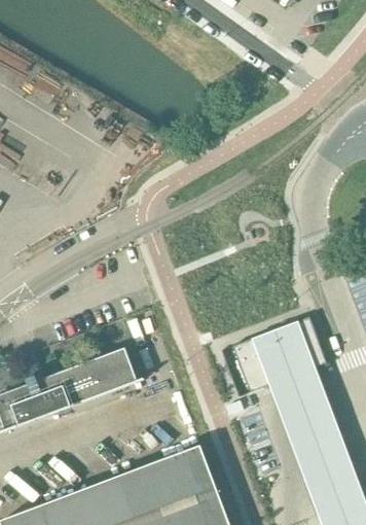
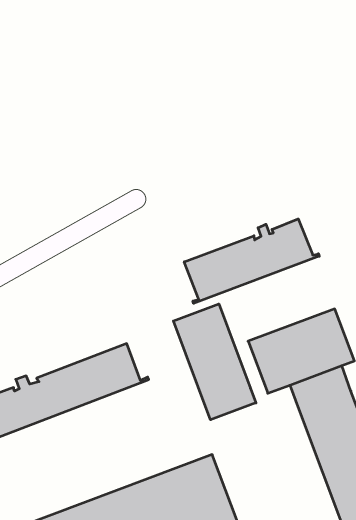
building: none -> [184,219,319,303]
building: none -> [173,304,256,420]

